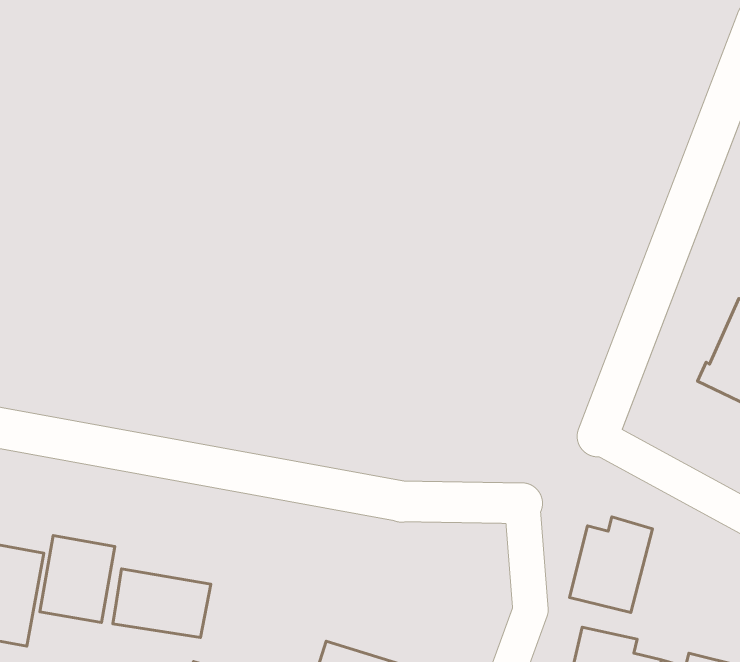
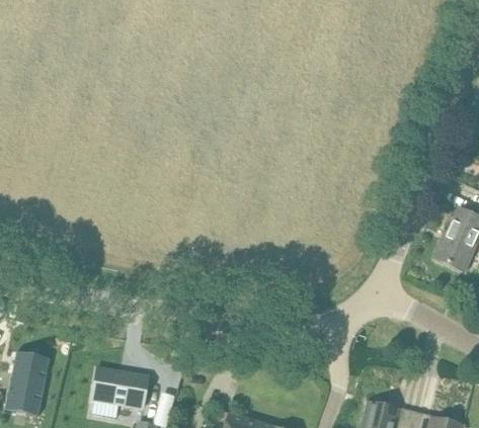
building: [570,517,653,612] -> none
building: [40,536,115,623] -> none

